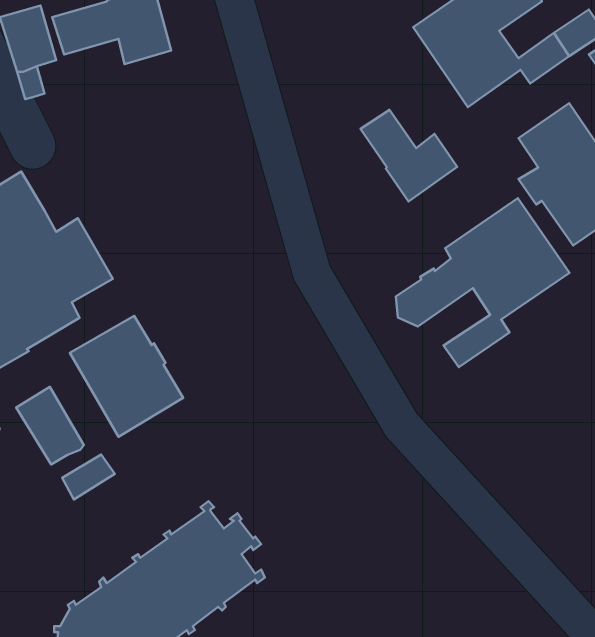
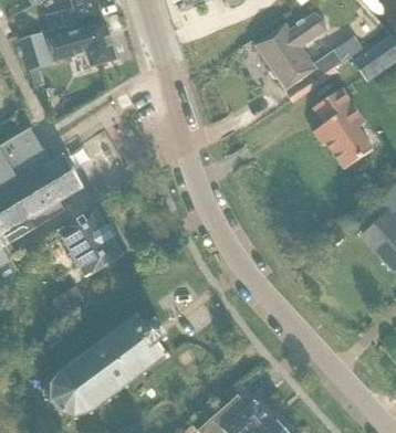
building: [360,110,457,202] -> none
building: [396,198,570,367] -> none
building: [16,387,84,465] -> none

